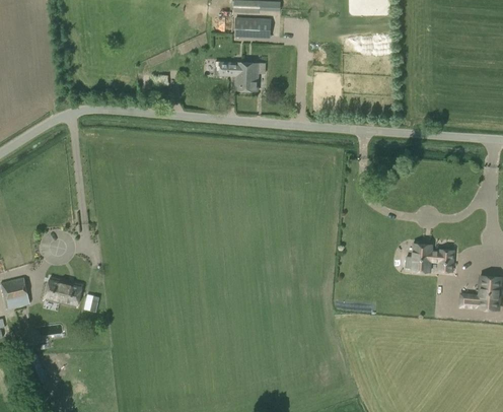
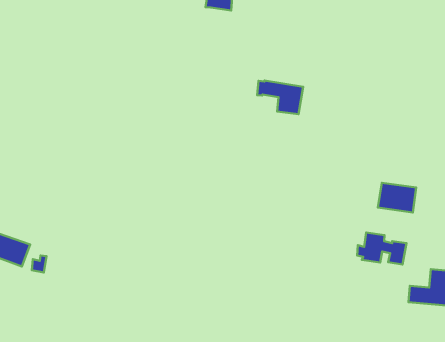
building: [215,61,260,91] -> [257,80,303,114]
building: none -> [378,183,416,213]

